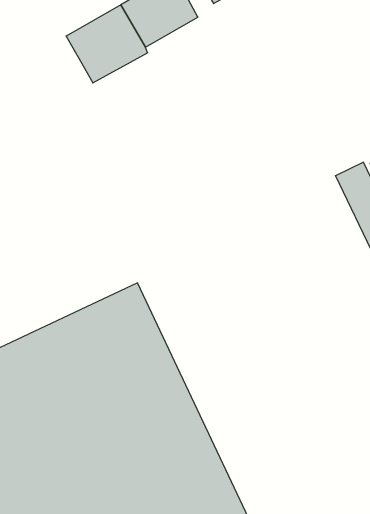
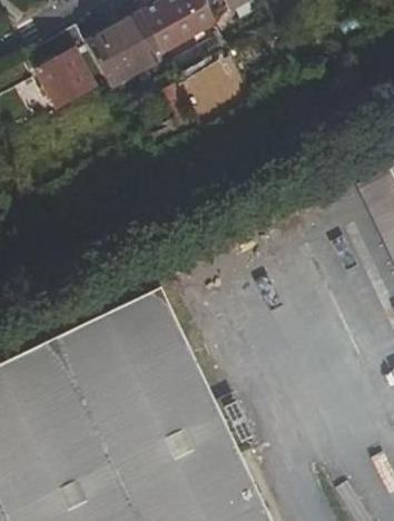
building: none -> [36,24,106,108]

